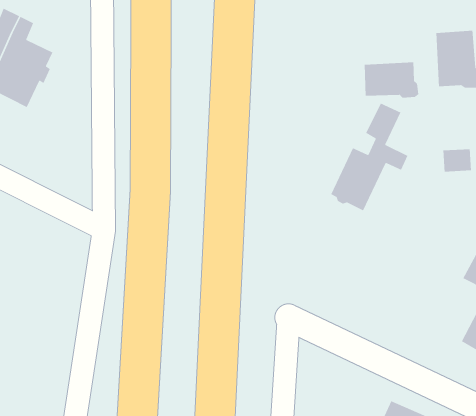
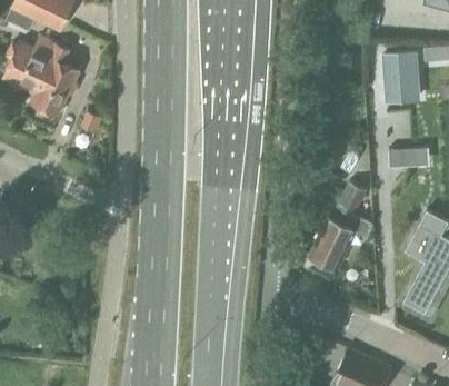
building: [364,62,419,99] -> none
building: [330,102,408,211] -> [310,182,372,269]

